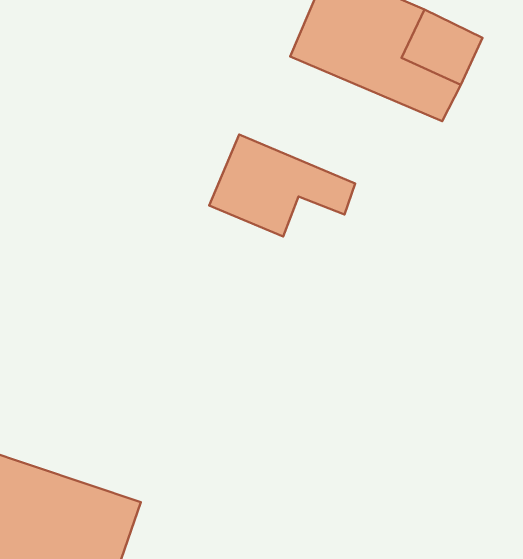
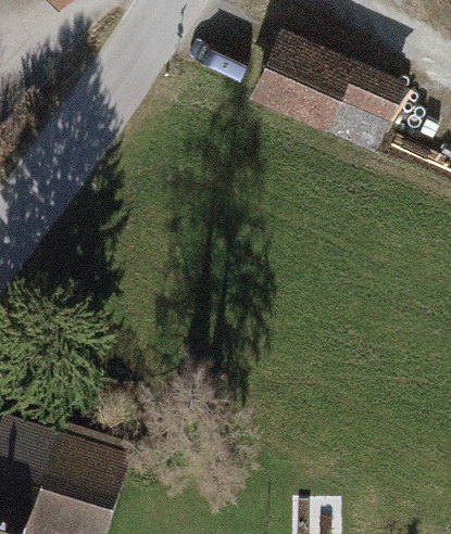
building: [209,134,355,237] -> none

